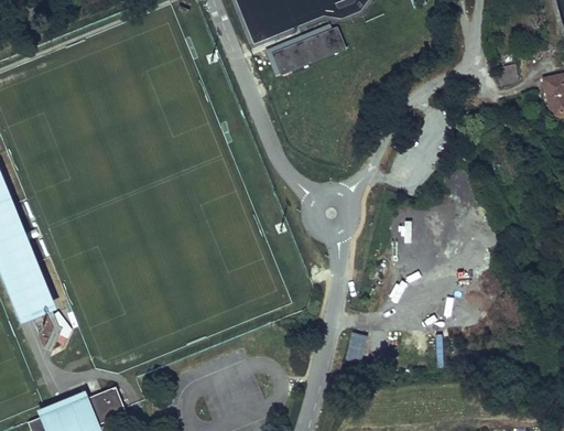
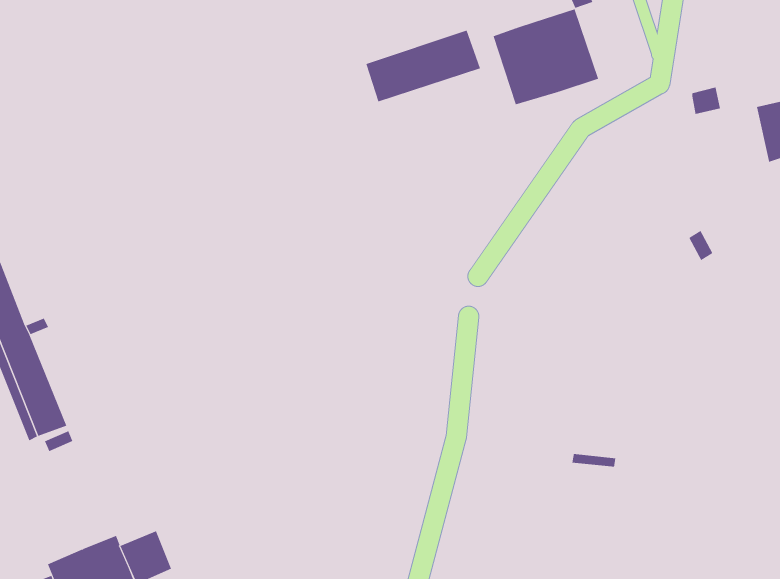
building: none -> [493,8,599,105]
building: [346,334,368,366] -> none

